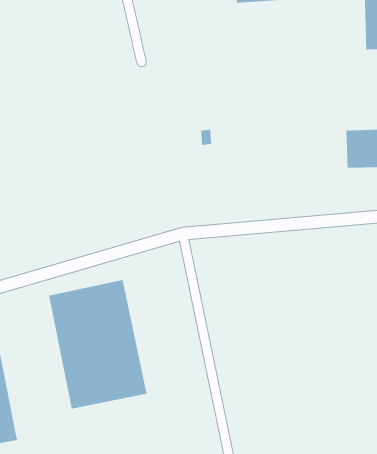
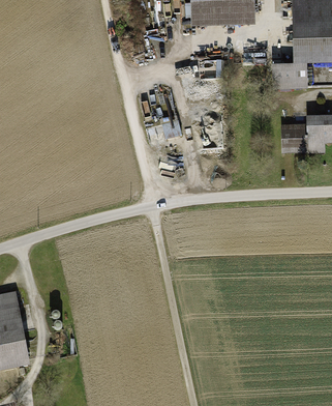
building: [48,279,148,410] -> none

